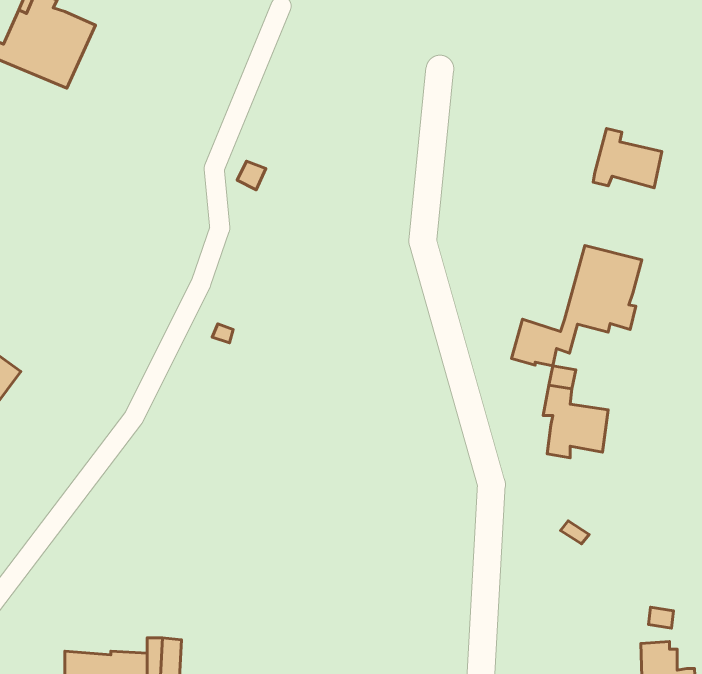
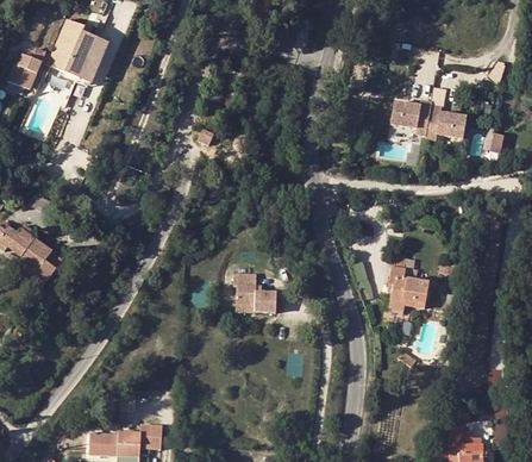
building: none -> [386,98,428,135]
building: [512,246,642,366] -> none
building: none -> [233,274,275,312]

